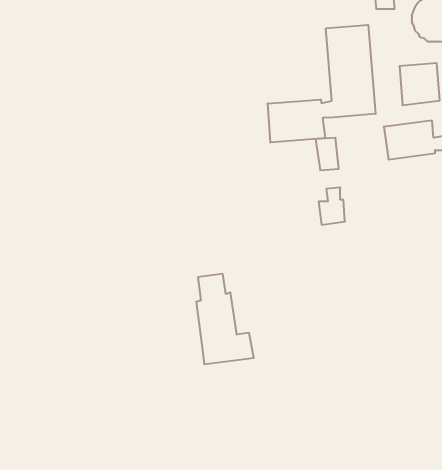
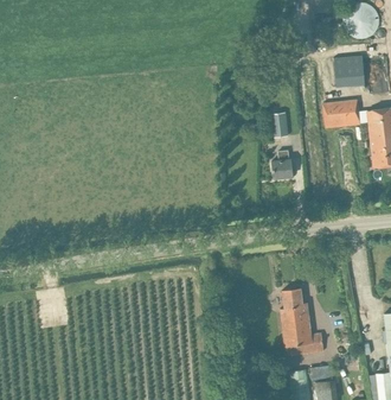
building: [268,25,376,143] -> none
building: [196,274,254,364] -> [280,287,323,356]

